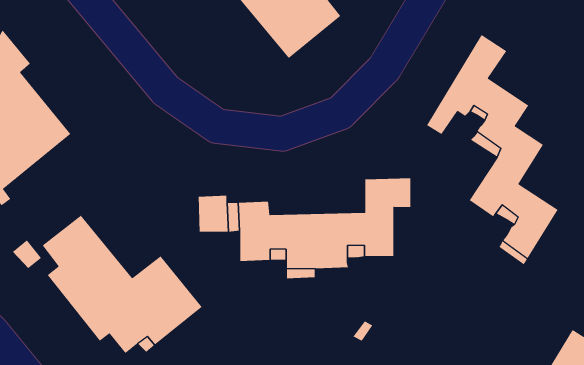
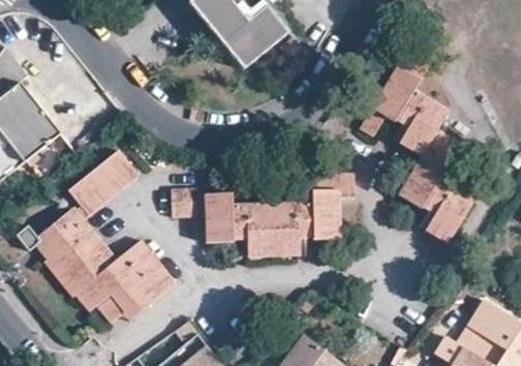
building: none -> [65,146,137,212]

